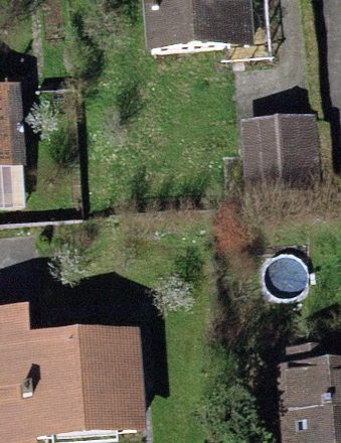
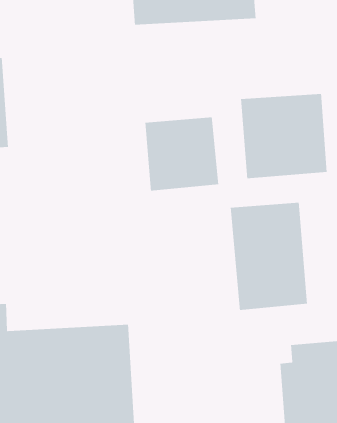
building: none -> [145,117,219,192]
building: none -> [230,202,308,311]

